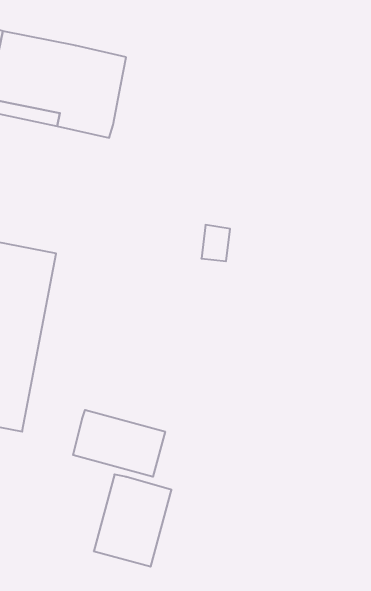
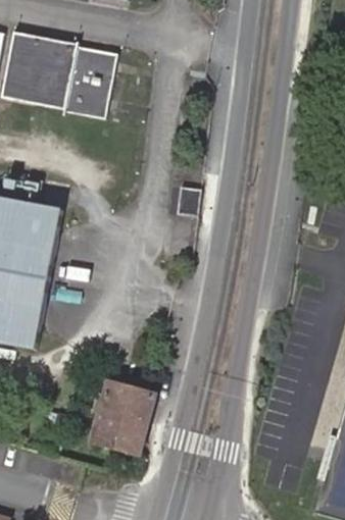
building: [73,410,165,477] -> none

